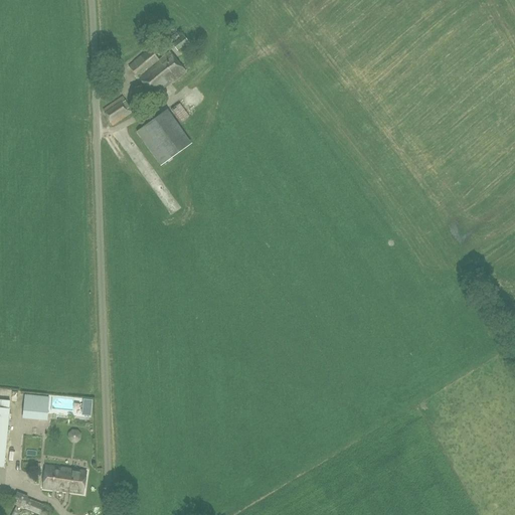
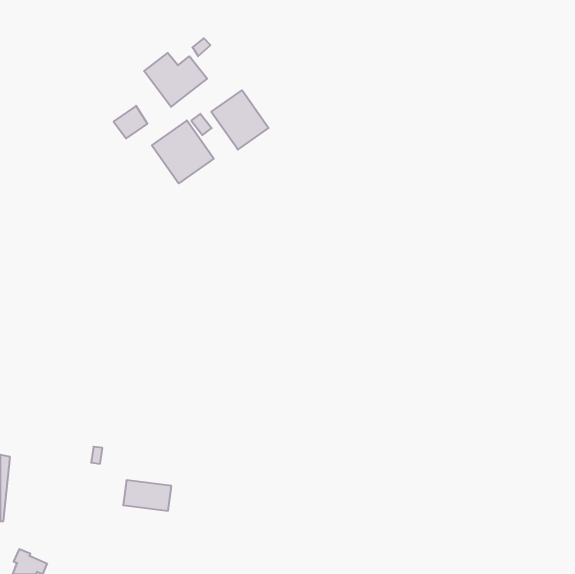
building: none -> [211,90,269,150]
building: [23,397,48,418] -> none
building: [42,465,85,492] -> [123,480,171,511]

